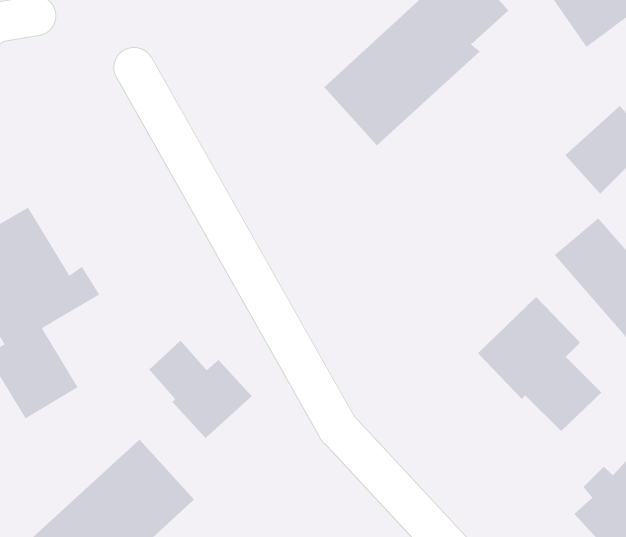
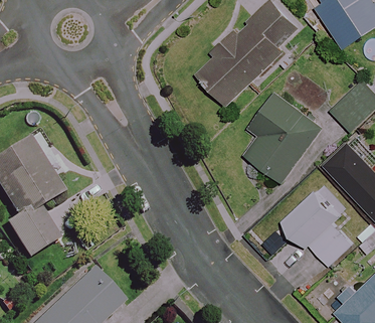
building: none -> [249,92,326,180]
building: [148,340,252,439] -> none

